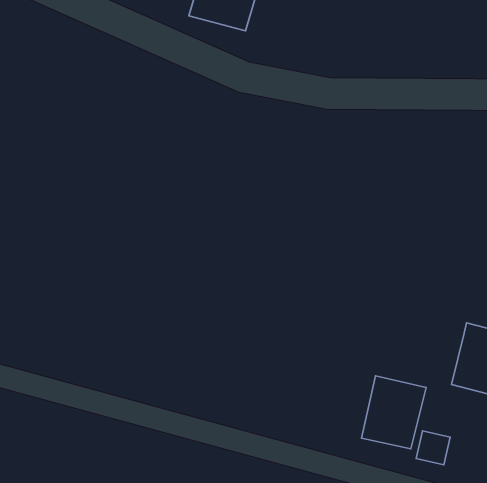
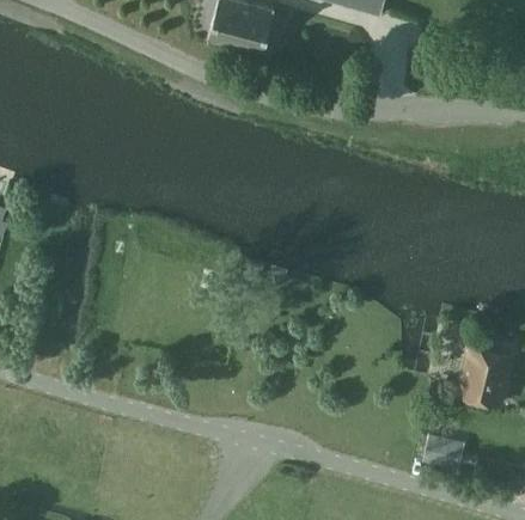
building: [361,376,426,449] -> none

